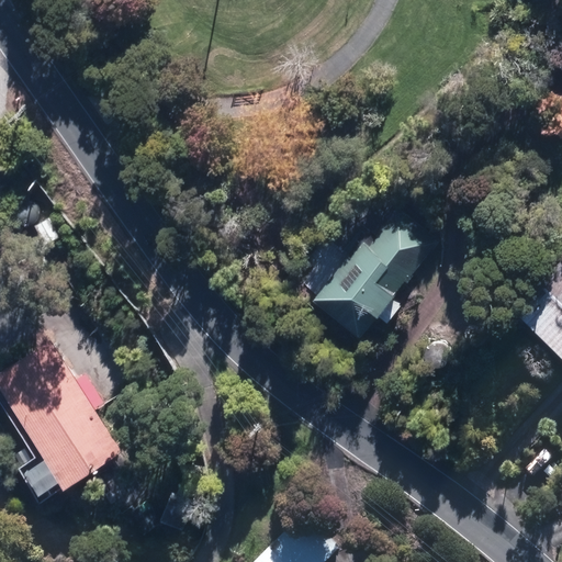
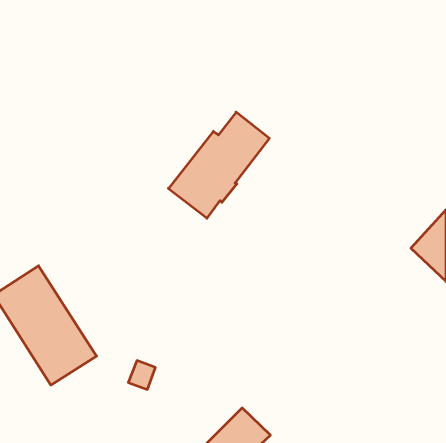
building: [312,212,438,345] -> [168,112,269,218]

